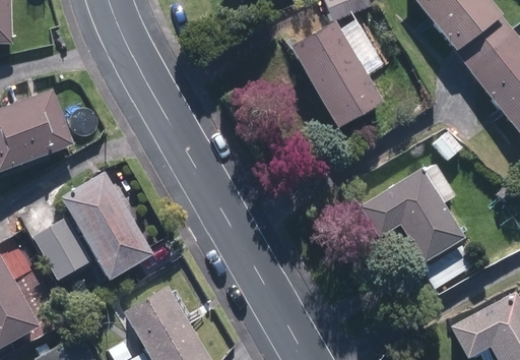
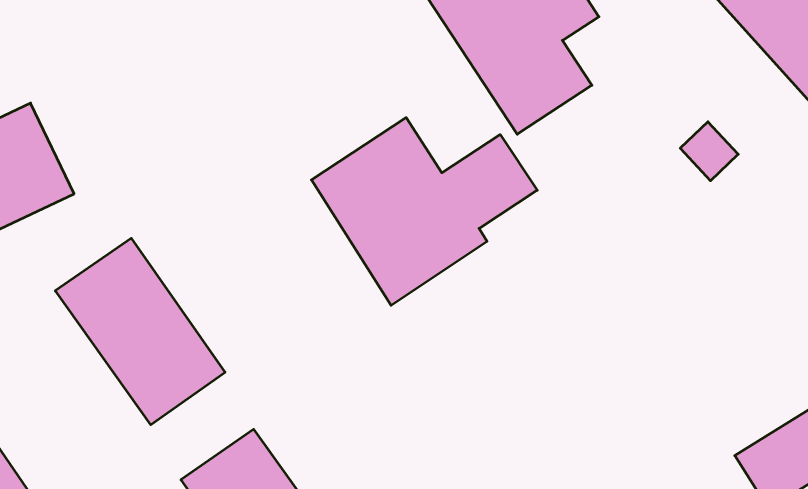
building: none -> [311,118,537,305]
building: [355,162,479,291] -> none
building: [32,218,91,281] -> none

